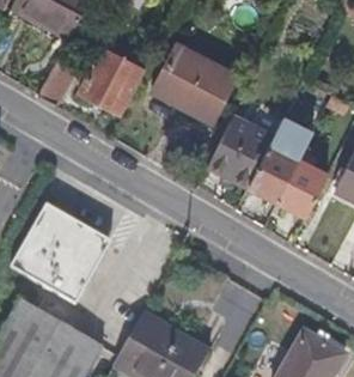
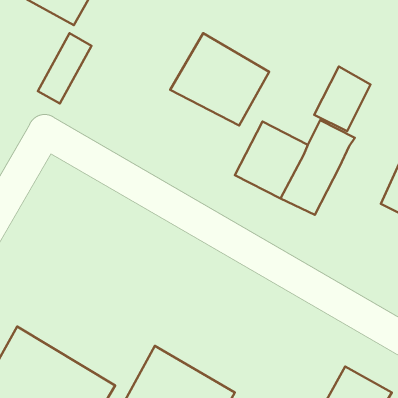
building: [81,47,147,113] -> none
building: [279,159,328,215] -> [314,67,371,131]
building: [14,206,115,303] -> none

